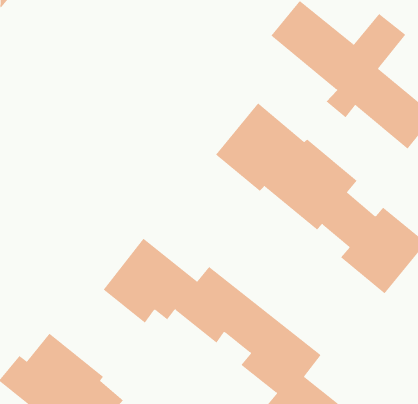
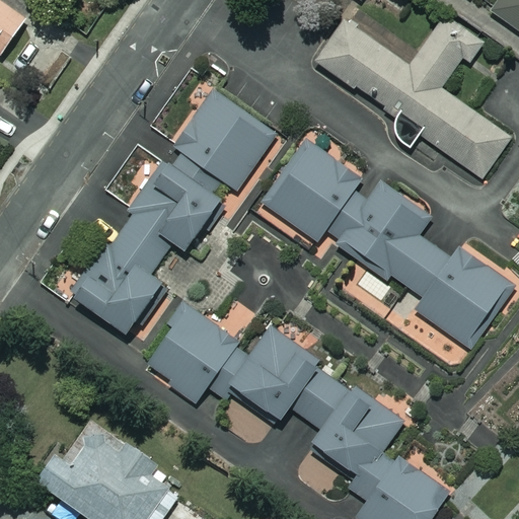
building: none -> [70,93,275,336]

